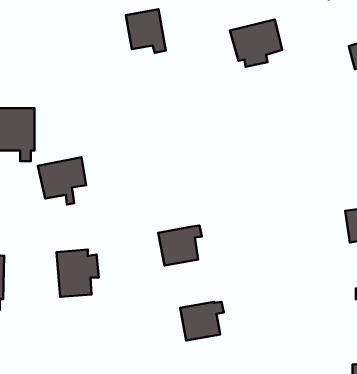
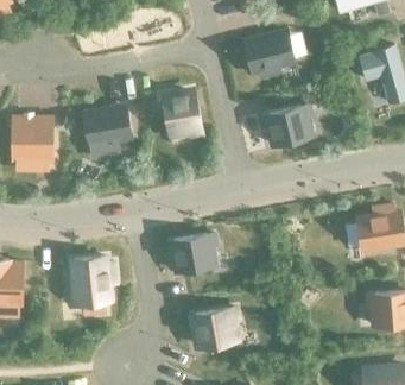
building: [126,9,166,53] -> [163,94,202,137]
building: none -> [268,106,311,146]
building: [38,157,86,204] -> [83,108,131,154]

